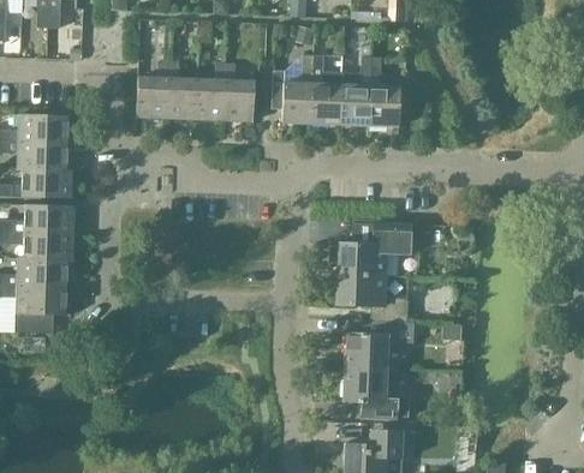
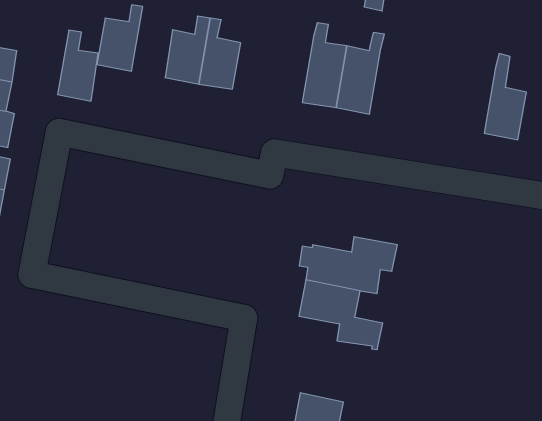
building: [270,55,314,124] -> none
building: [369,56,399,126] -> [484,54,526,140]
building: [165,64,193,120] -> [58,30,98,101]
building: [346,318,413,369] -> none

